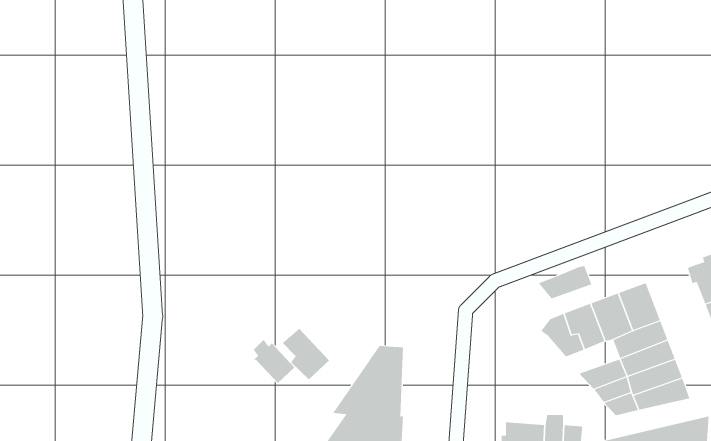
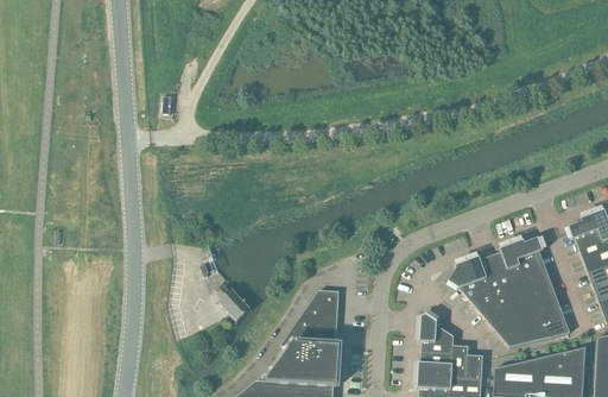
building: [538,266,592,299] -> [469,285,513,313]
building: [282,328,330,380] -> none
building: none -> [418,314,454,354]

